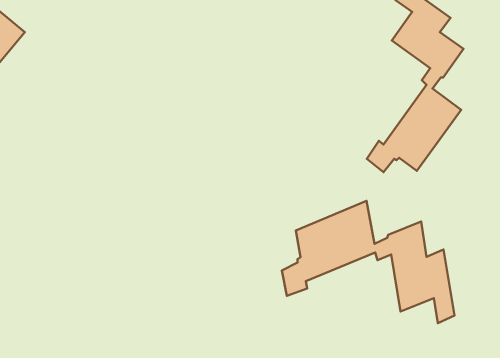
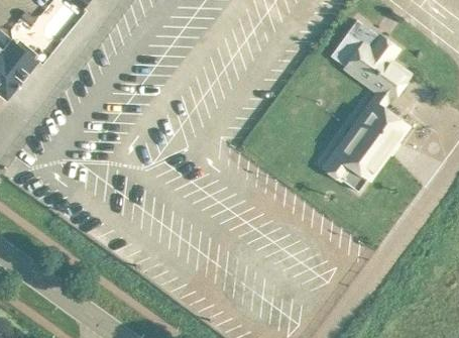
building: [282,201,454,323] -> none

